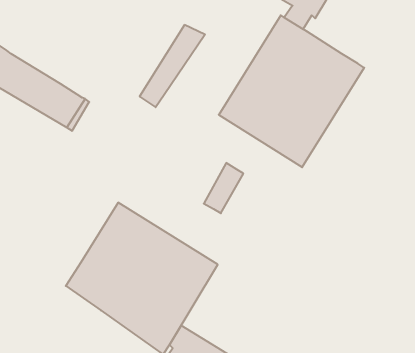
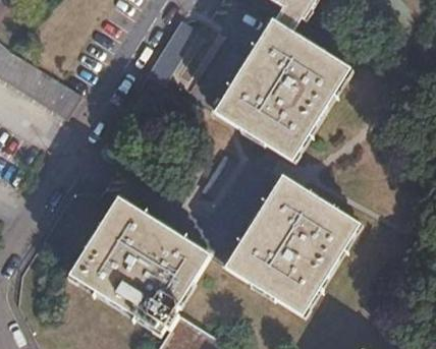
building: none -> [228,181,359,314]

